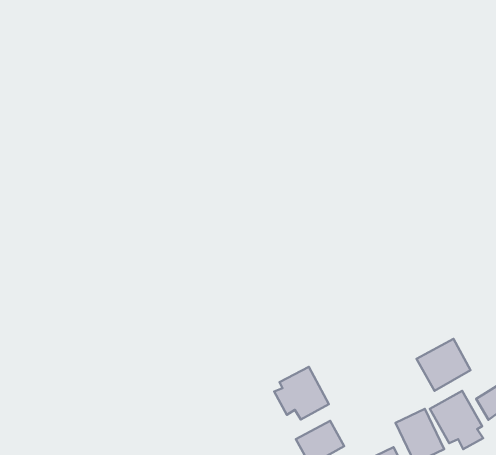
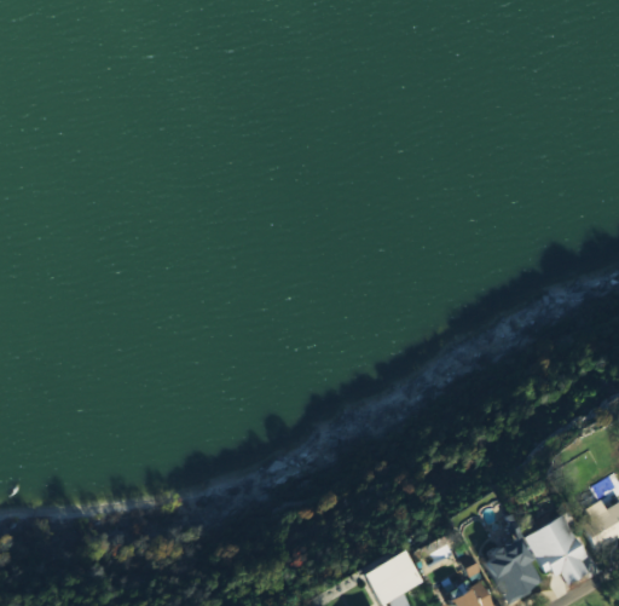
building: [416,339,471,391] -> none
building: [274,367,329,420] -> none

